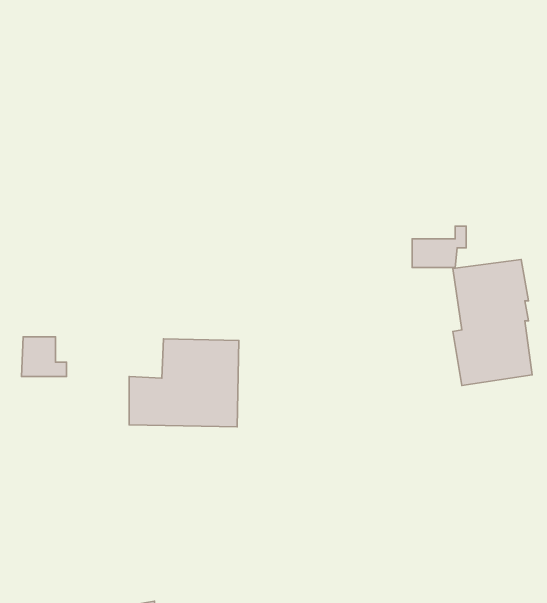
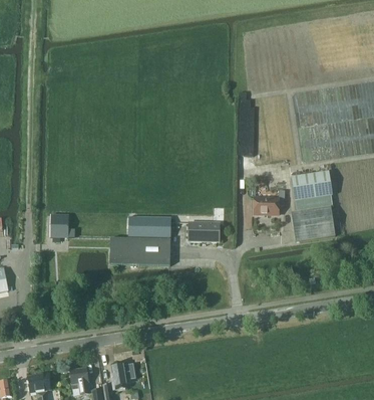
building: [412,226,466,268] -> [254,190,284,213]
building: none -> [188,221,219,240]

